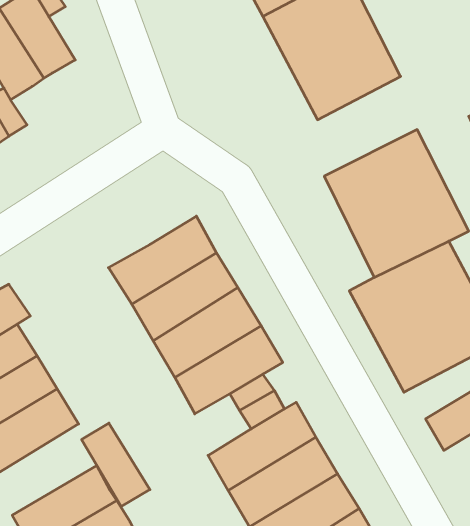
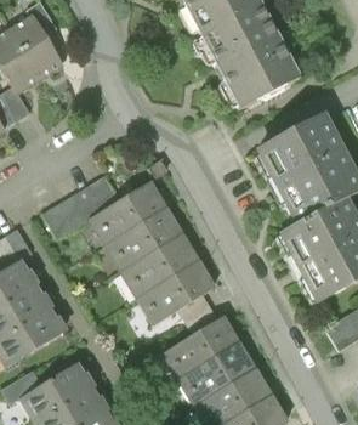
building: none -> [42,174,120,236]
building: [82,423,150,507] -> none

